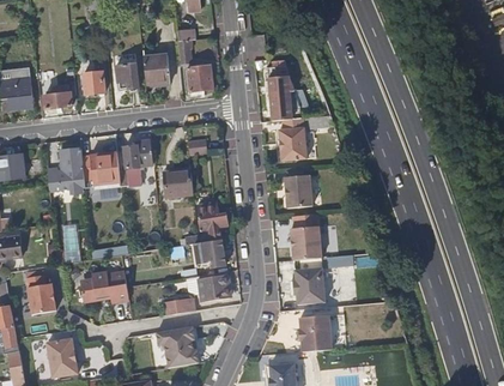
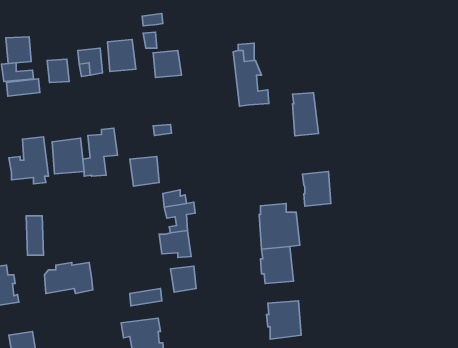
building: none -> [6,37,31,64]
building: [280,116,305,158] -> [293,93,318,136]
building: [283,174,310,207] -> [303,172,331,206]

